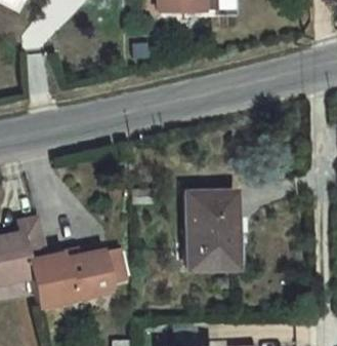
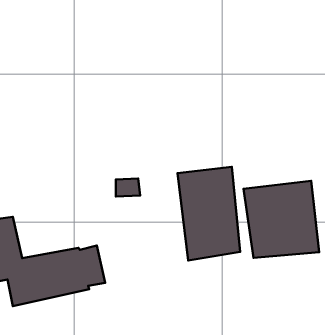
building: none -> [244,181,319,258]

